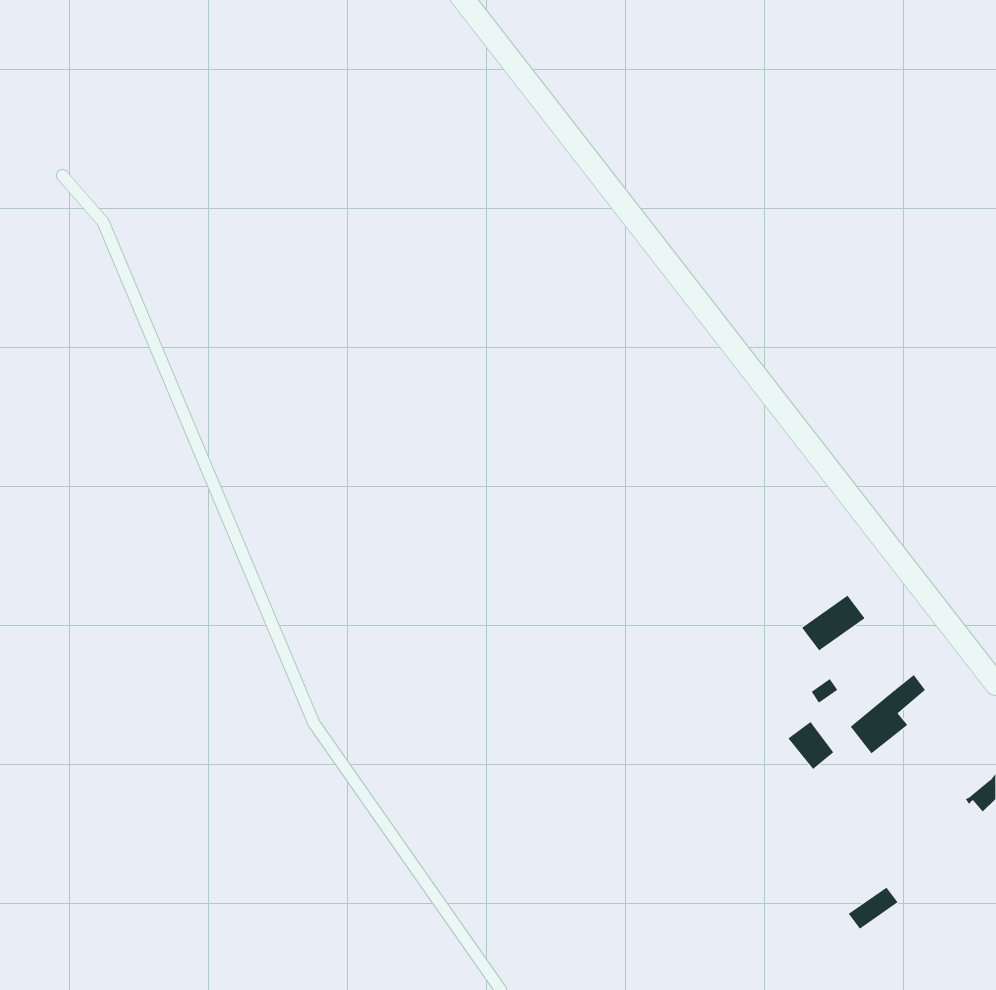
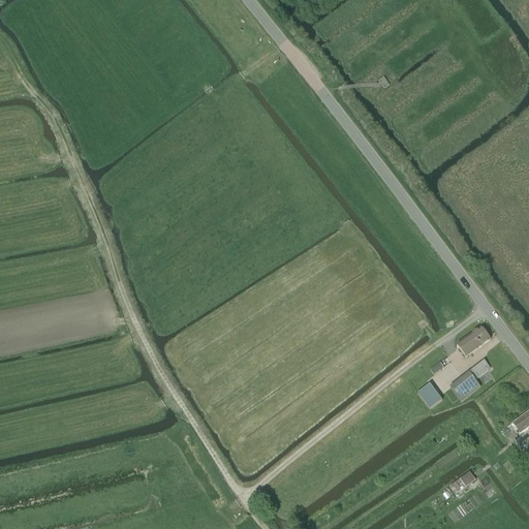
building: [801,595,866,651] -> [457,325,491,355]

